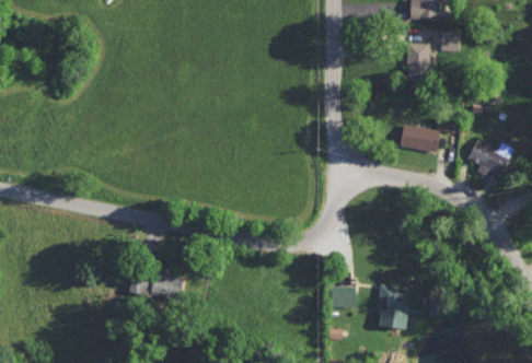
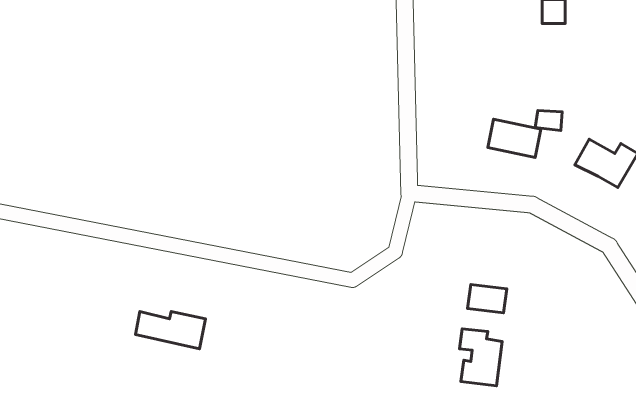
building: [407,44,429,82] -> none
building: none -> [468,285,507,313]
building: [332,286,356,308] -> none

